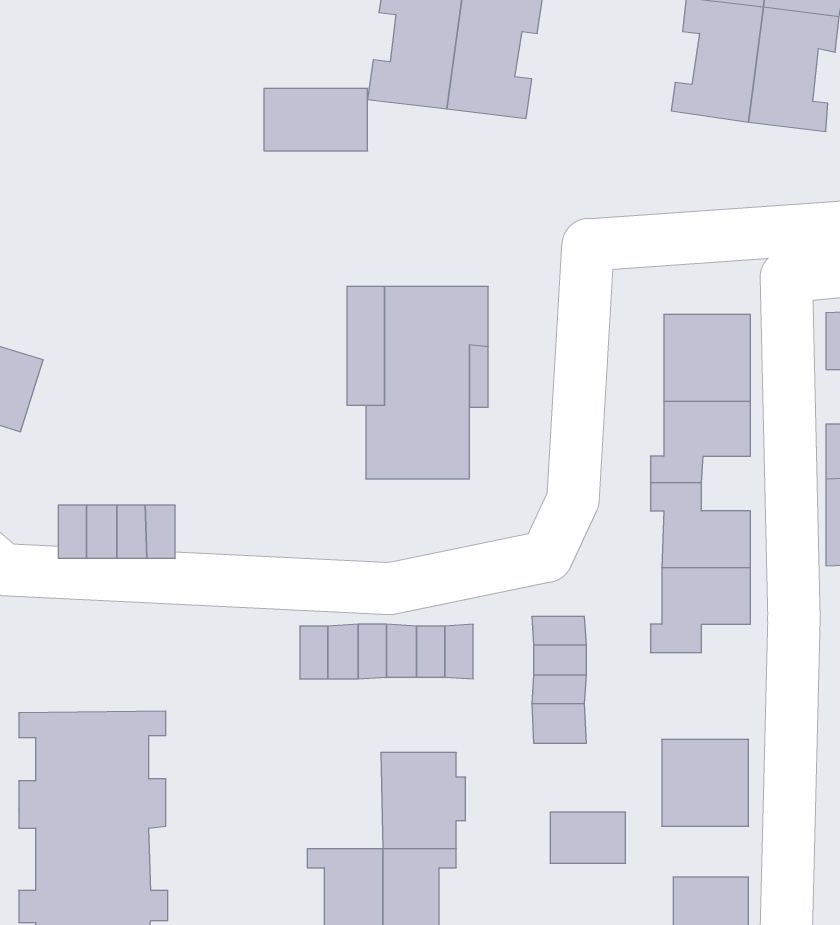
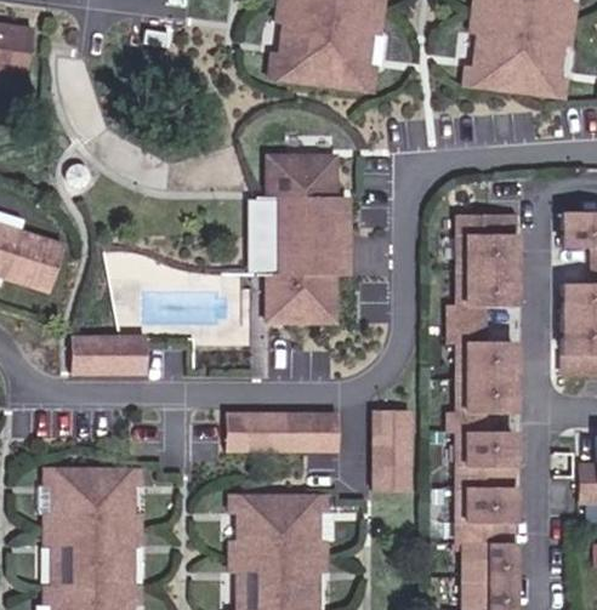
building: [264,89,368,151] -> [268,155,335,195]
building: none -> [459,431,516,486]
building: none -> [231,495,279,557]
building: [550,812,626,863] -> [466,542,514,575]

